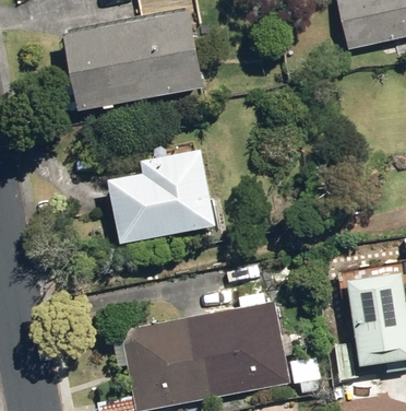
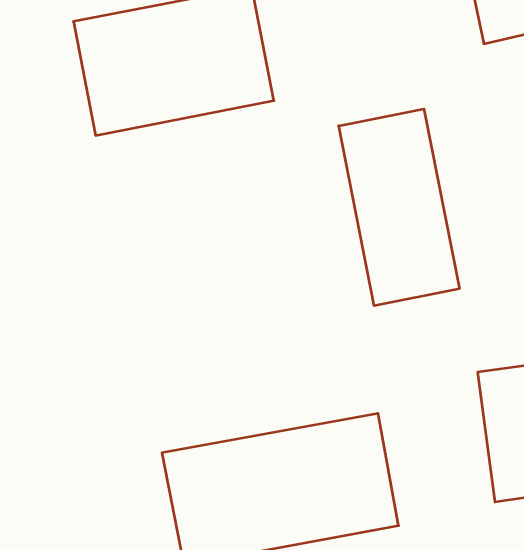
building: none -> [339,109,459,306]
building: [107,156,213,242] -> none

